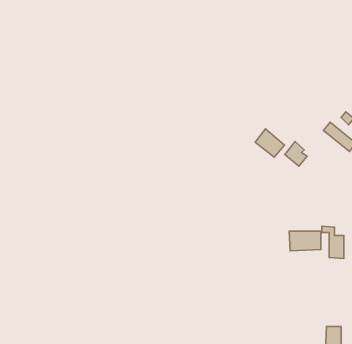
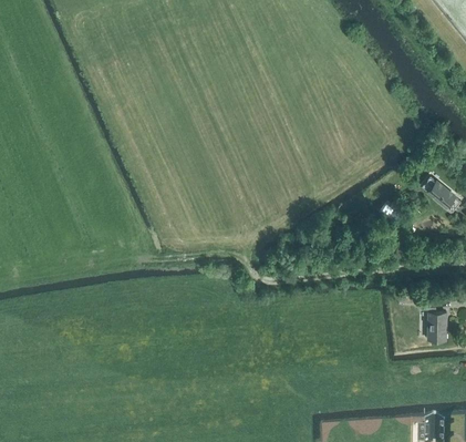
building: [255,129,284,157] -> none
building: [289,231,321,251] -> none

